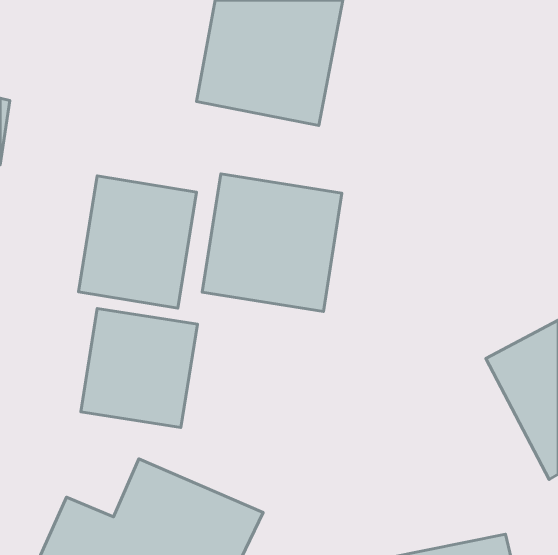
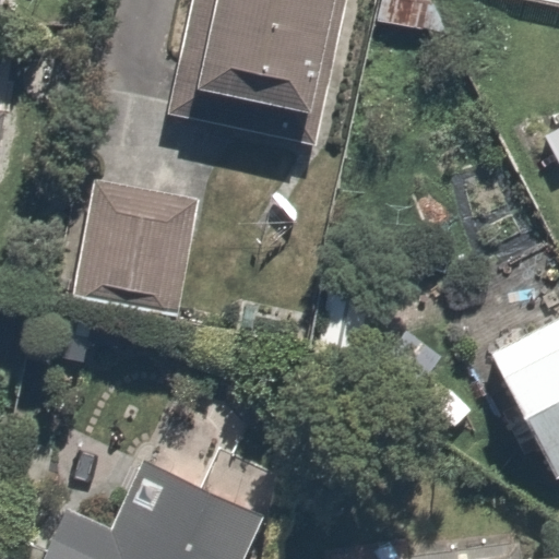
building: [202,174,342,312] -> none
building: [81,308,198,427] -> none

